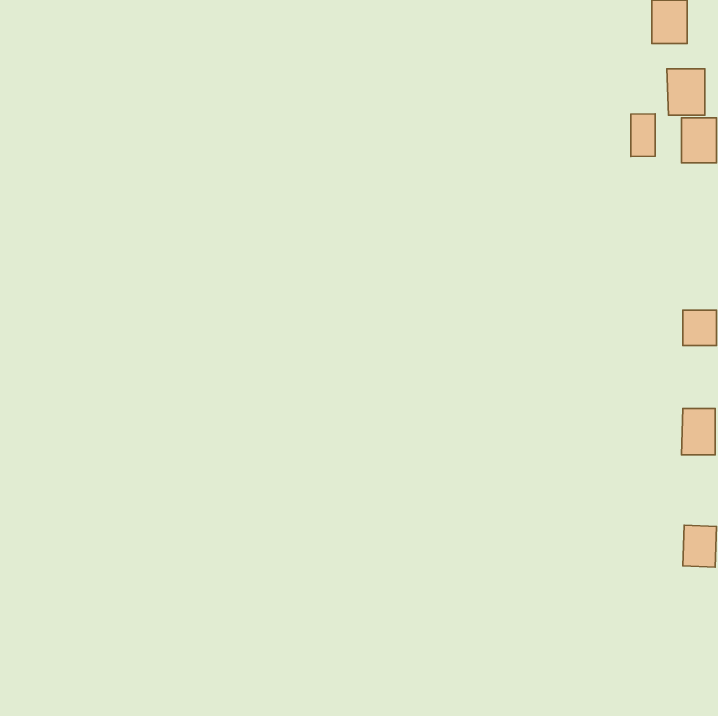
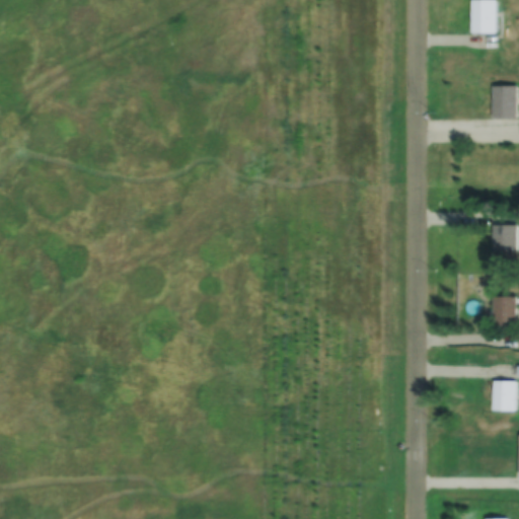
building: [667,69,705,115] -> none
building: [631,114,655,157] -> none

